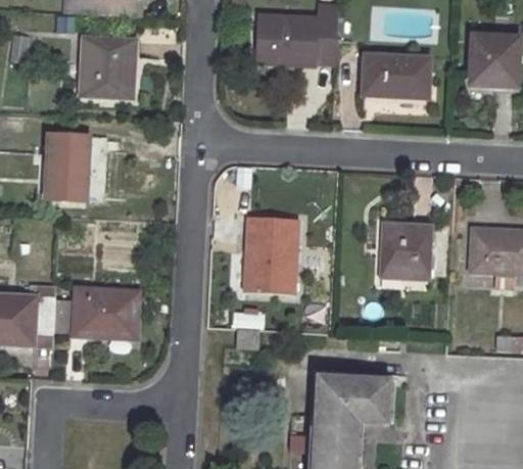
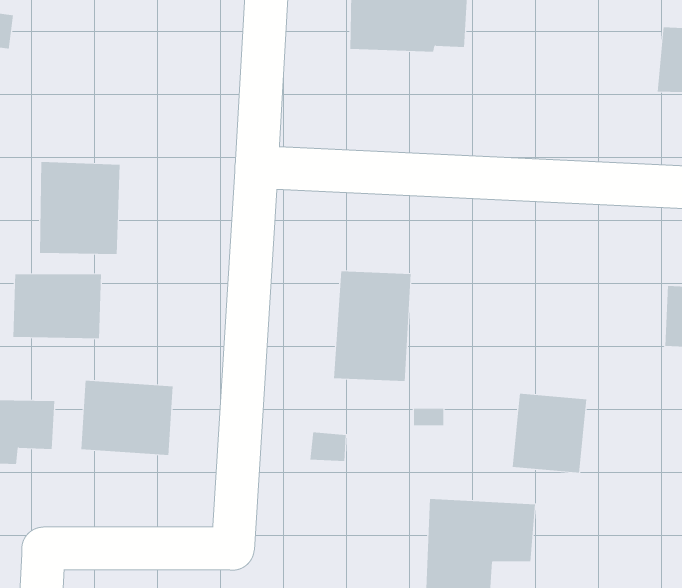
building: [79,38,134,97] -> none
building: [363,56,434,101] -> none
building: none -> [13,274,102,339]
building: [382,223,434,278] -> [512,393,587,473]

